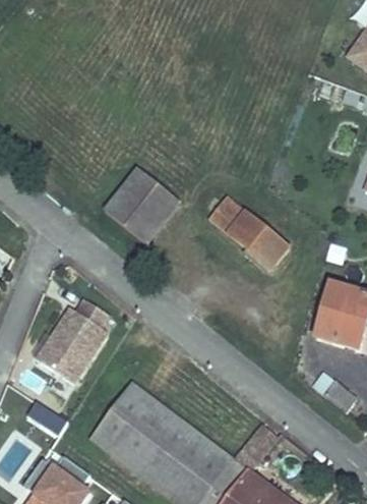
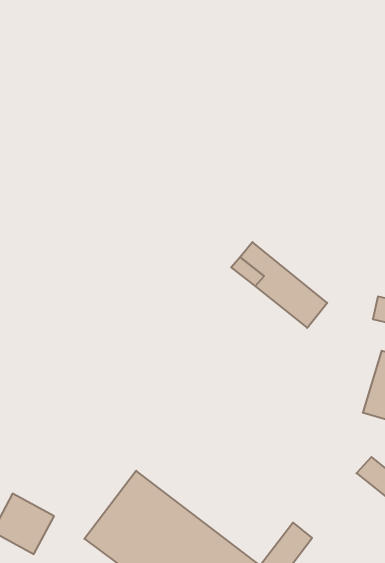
building: [105,169,177,242] -> none
building: [42,299,110,384] -> none

